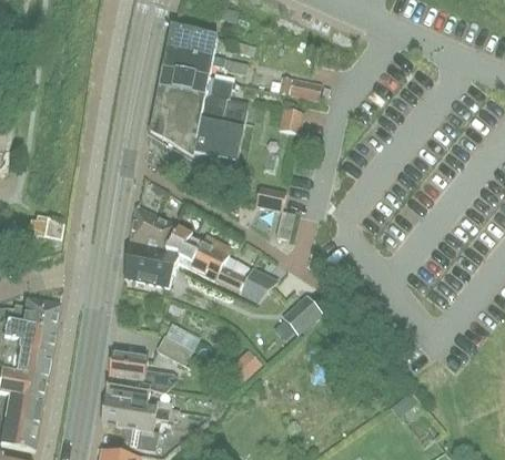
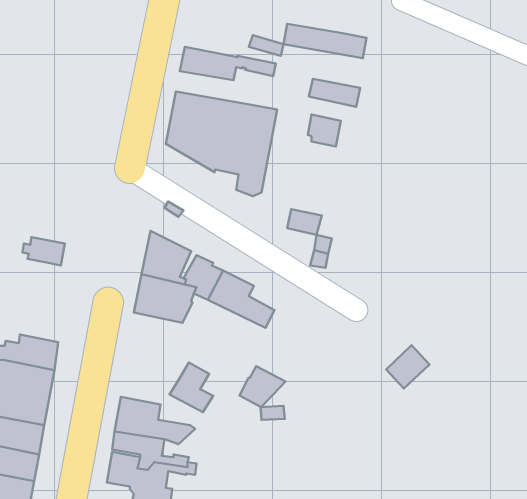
building: [169,25,218,55] -> none
building: [161,68,233,98] -> [283,24,367,58]
building: [239,265,279,300] -> [240,366,286,407]
building: [282,295,320,333] -> [386,345,430,389]

